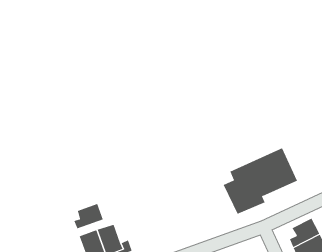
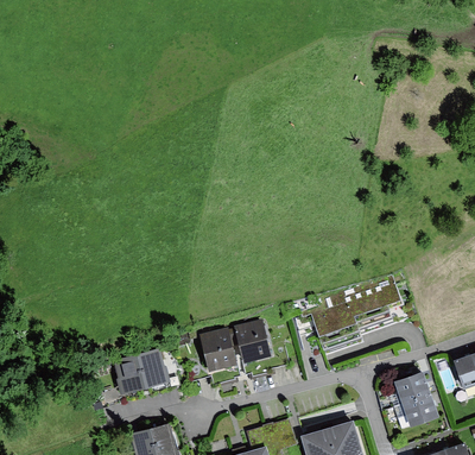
building: none -> [233,318,271,362]
building: none -> [198,327,236,372]
building: [74,203,103,229] -> none

